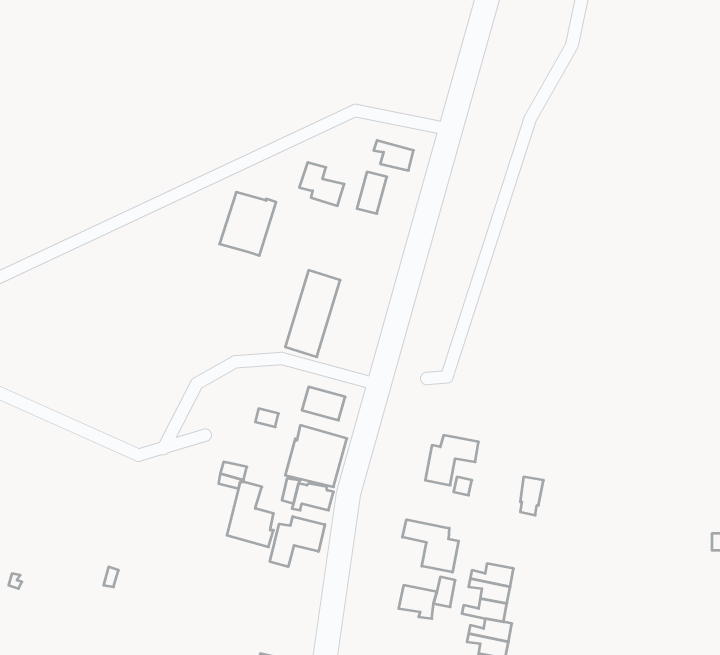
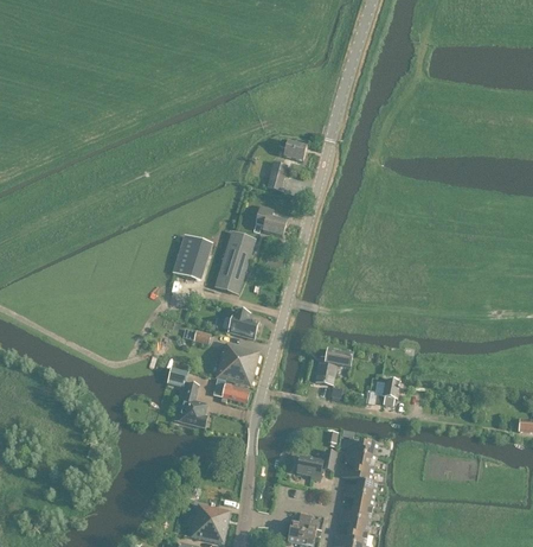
building: [299,162,344,206] -> [255,205,287,236]
building: [219,192,276,256] -> [172,236,212,281]
building: [270,516,325,567] -> none
building: [402,520,459,572] -> none

